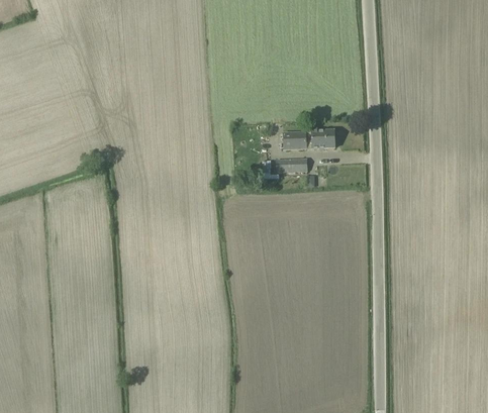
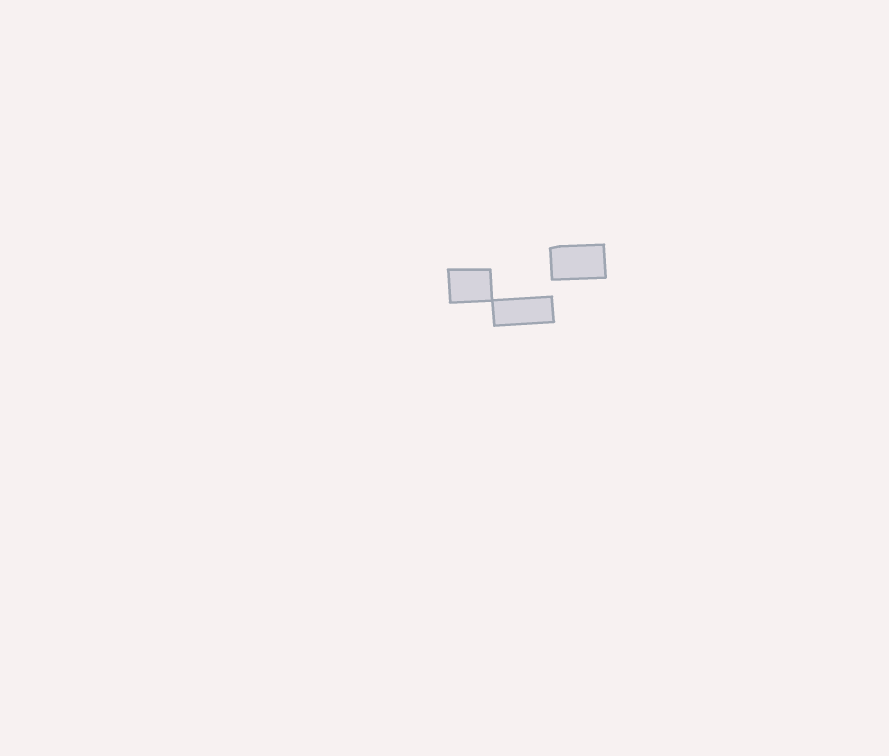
building: [283,132,306,149] -> [448,270,492,302]

